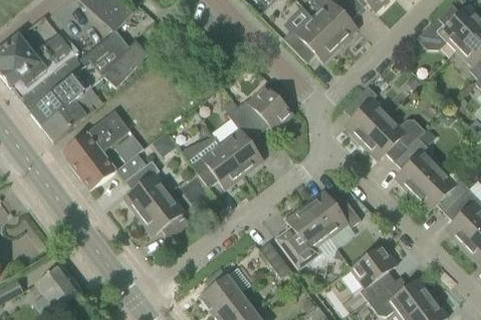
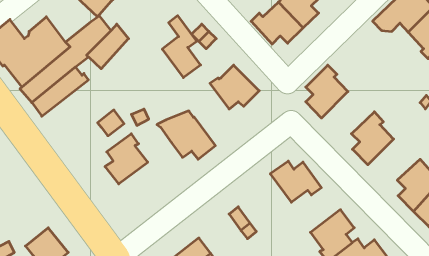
building: [221,104,263,173] -> [162,16,201,78]
building: [61,109,130,189] -> none
building: [360,113,425,159] -> none
building: [412,166,469,211] -> none
building: [138,191,189,237] -> none
building: [275,204,327,269] -> none

